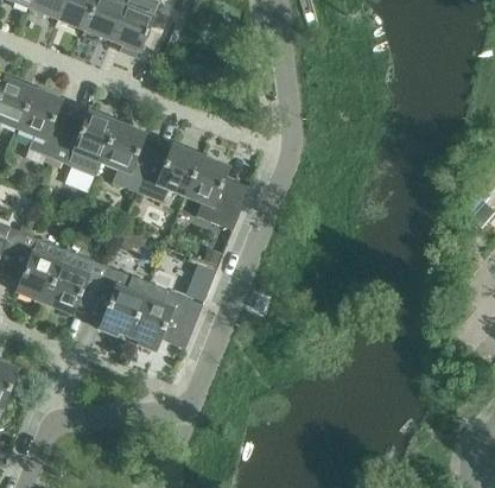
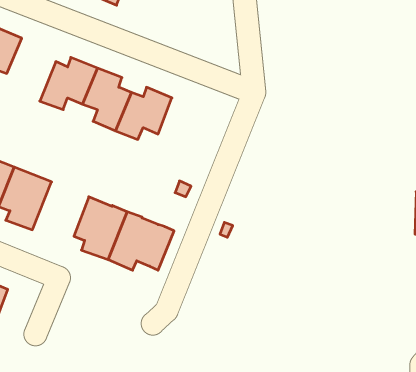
building: [15,89,70,159] -> none
building: [184,156,249,230] -> none
building: [44,249,107,315] -> none
building: [184,264,215,304] -> none

